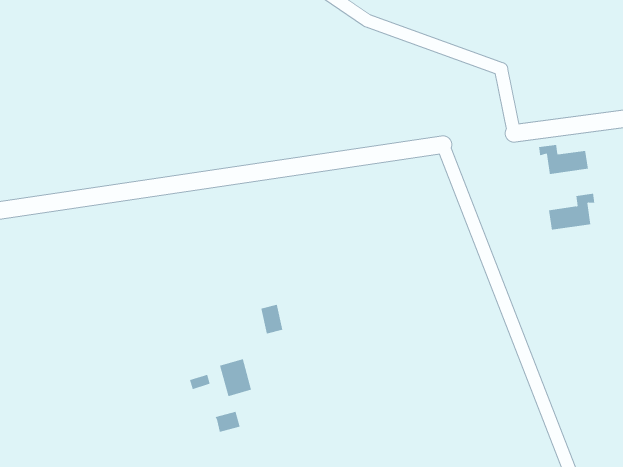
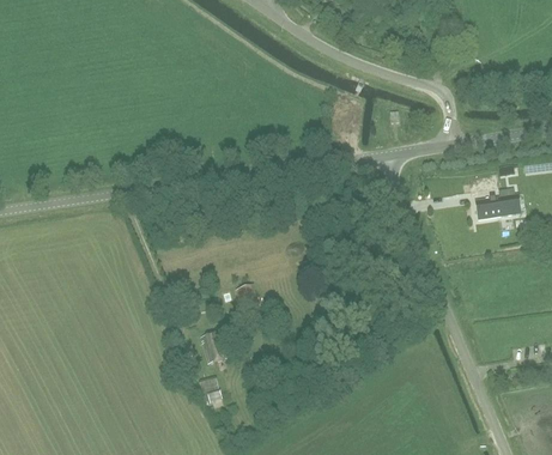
building: [538,144,588,175] -> none

